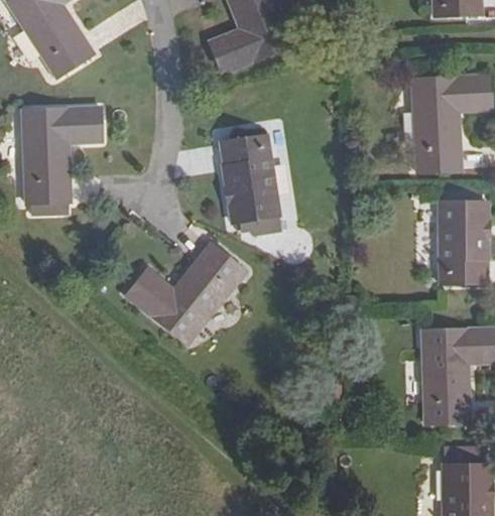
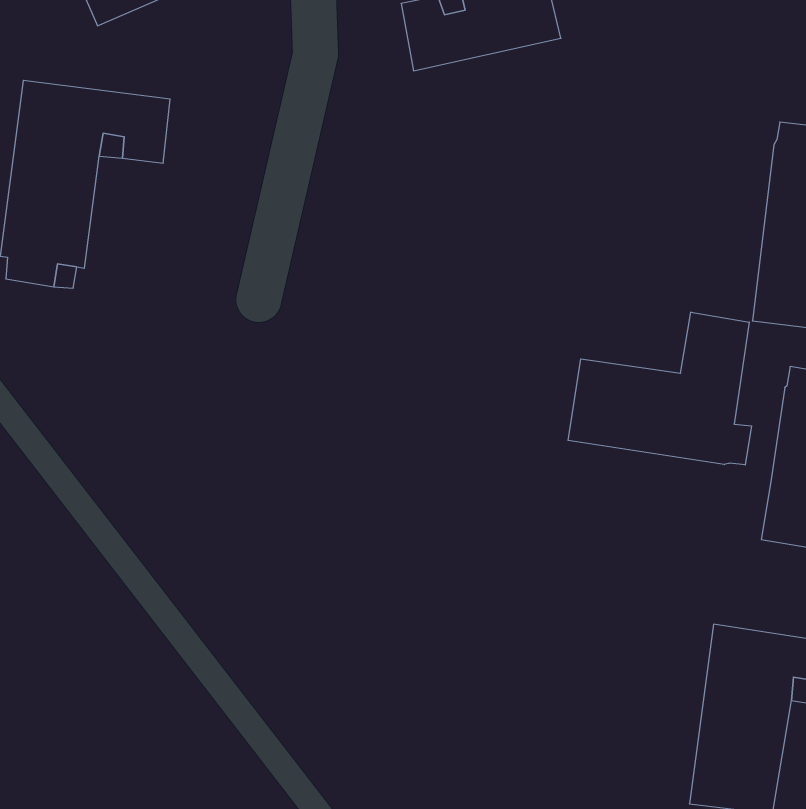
building: [220,136,279,223] -> none
building: none -> [568,312,751,465]
building: [127,245,245,345] -> none

